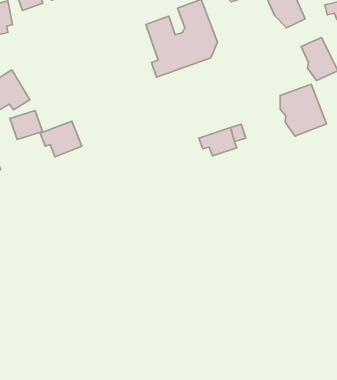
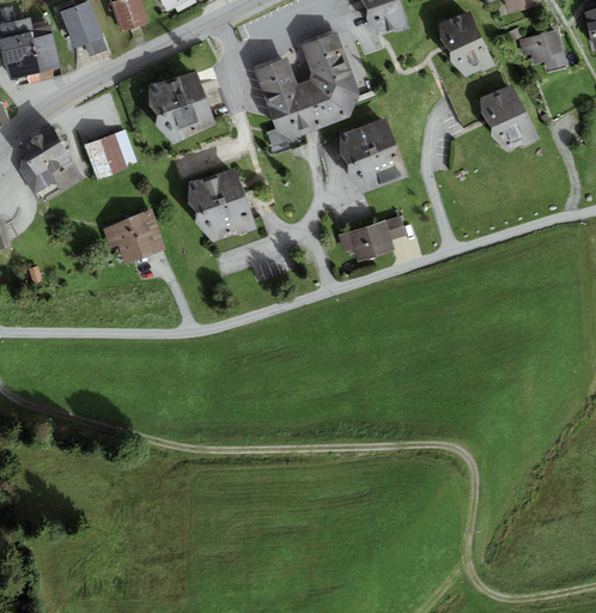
building: none -> [150,72,215,142]
building: [280,84,327,136] -> [335,116,403,193]
building: none -> [189,170,256,239]
building: [10,110,42,140] -> [86,133,134,176]

